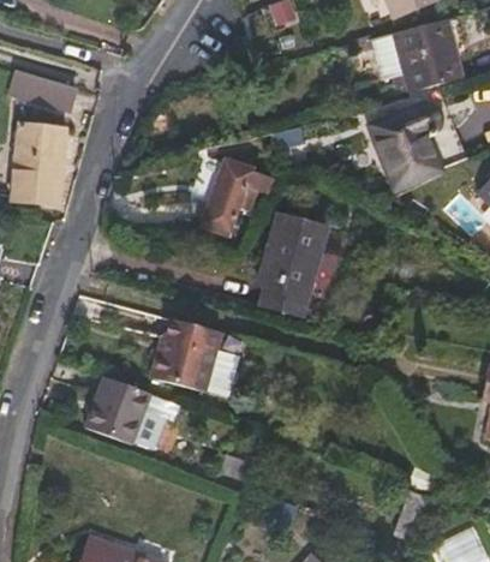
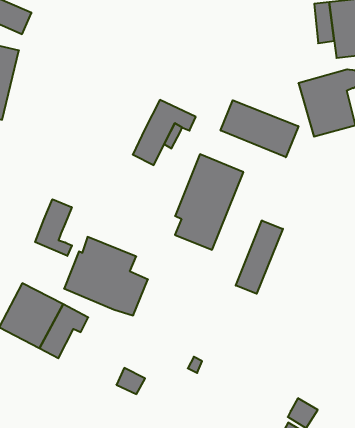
building: none -> [221,100,298,157]
building: none -> [236,220,283,294]
building: none -> [35,199,72,256]

